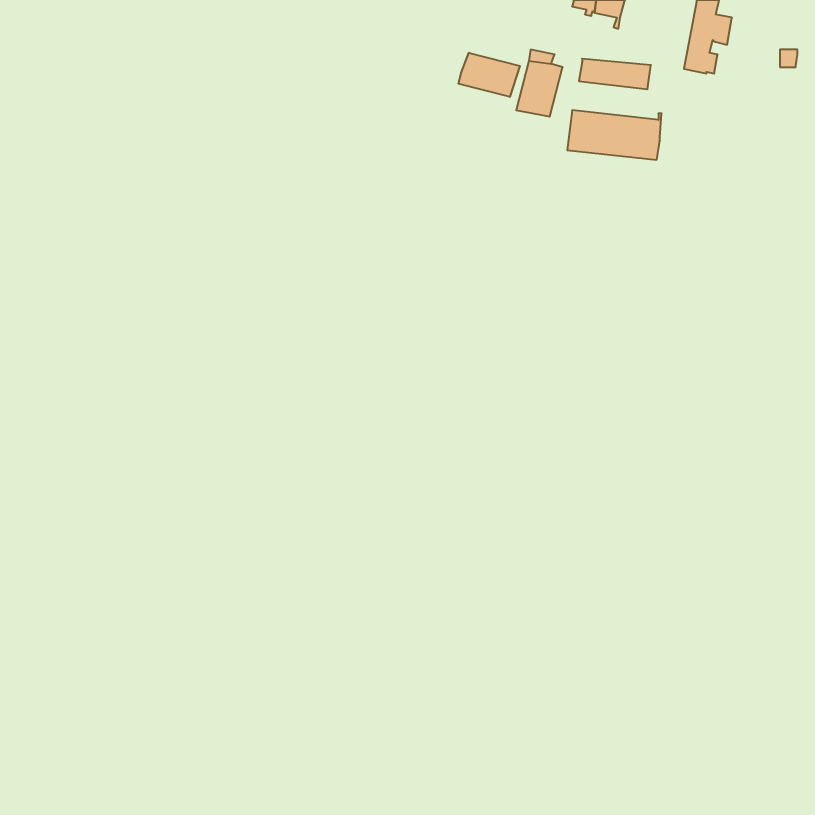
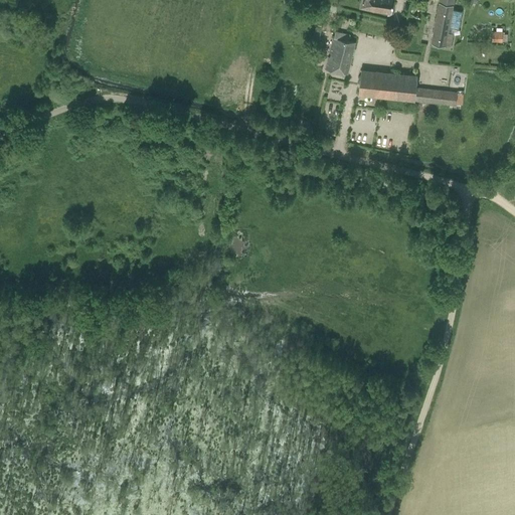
building: [459,53,520,97] -> none
building: [579,59,651,89] -> [413,88,459,107]

